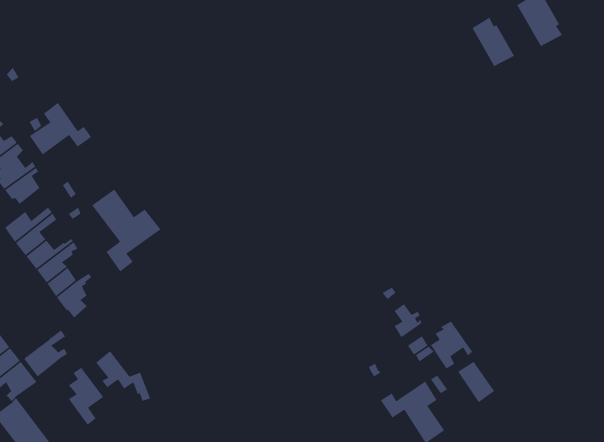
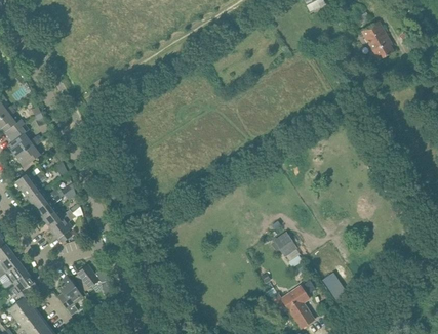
building: [471,17,515,67] -> none
building: [29,102,92,155] -> none
building: [91,189,161,272] -> none
building: [430,320,473,370] -> none
building: [23,329,68,378] -> none

